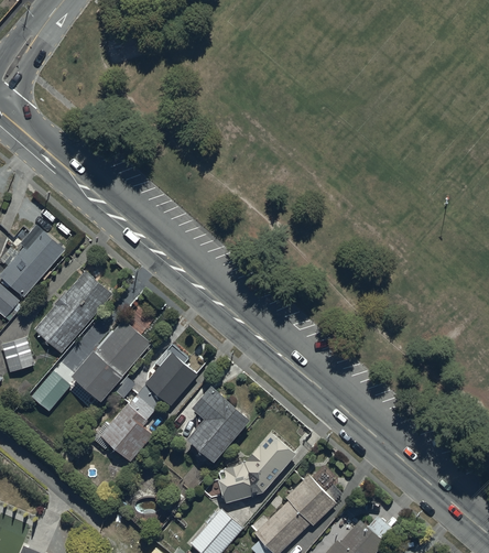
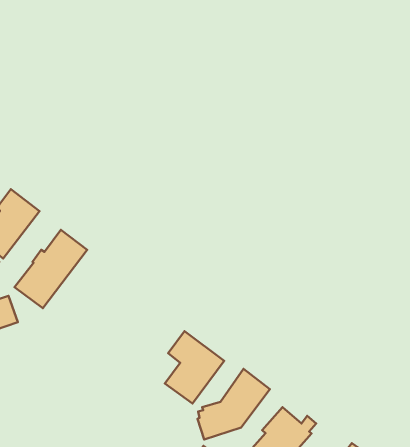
building: [73,319,151,403] -> none
building: [100,350,197,462] -> none
building: [31,371,70,412] -> none

